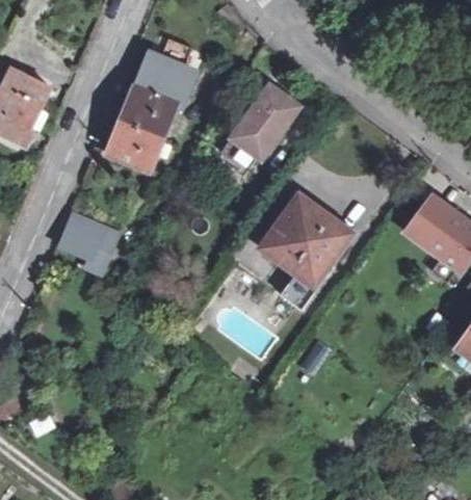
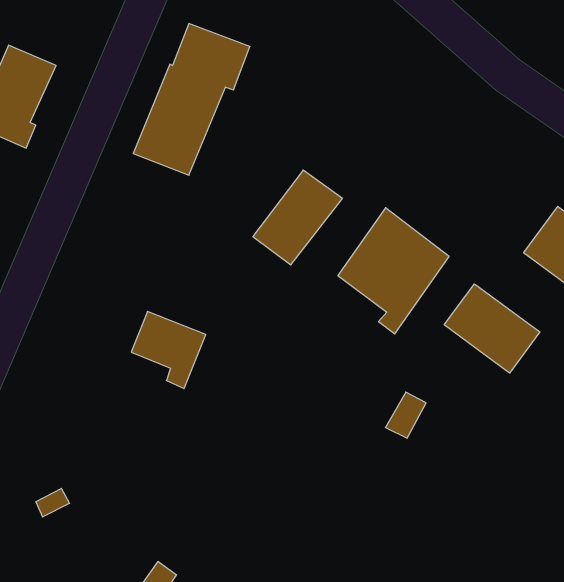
building: [233,83,302,156] -> [253,170,342,265]
building: [61,211,119,270] -> [131,311,206,389]
building: none -> [444,284,540,373]

